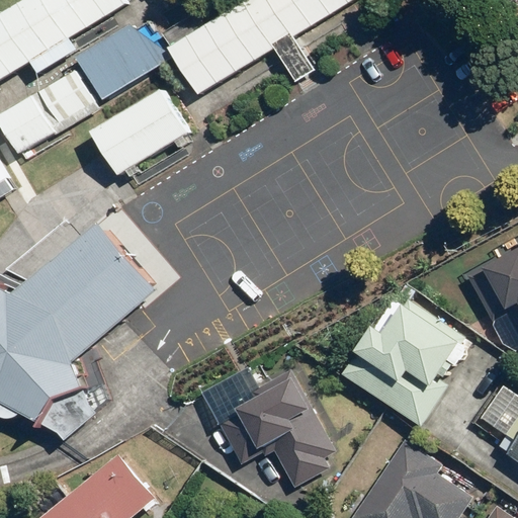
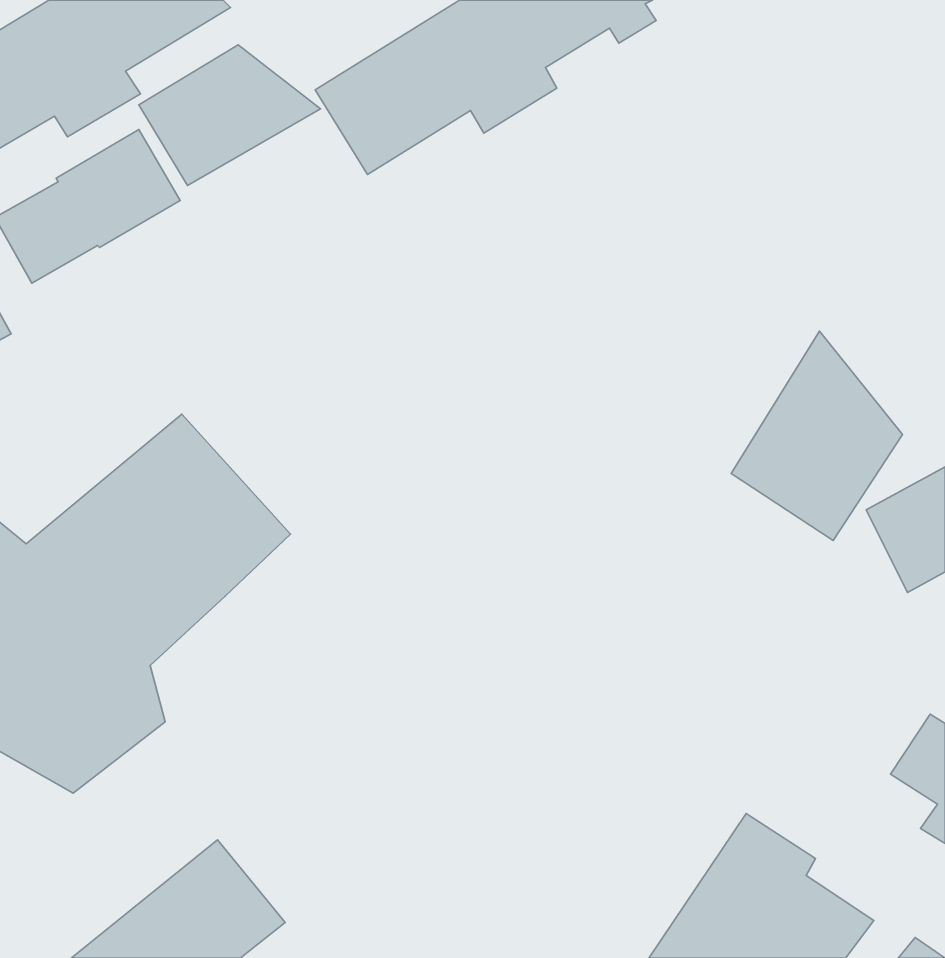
building: [92,90,187,175] -> none
building: none -> [731,331,902,540]
building: [341,298,466,426] -> none
building: [217,368,335,488] -> none

